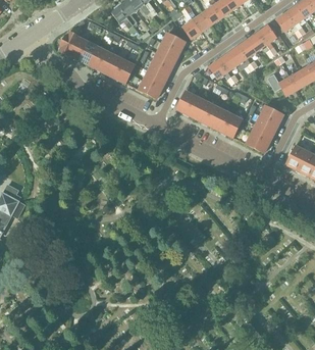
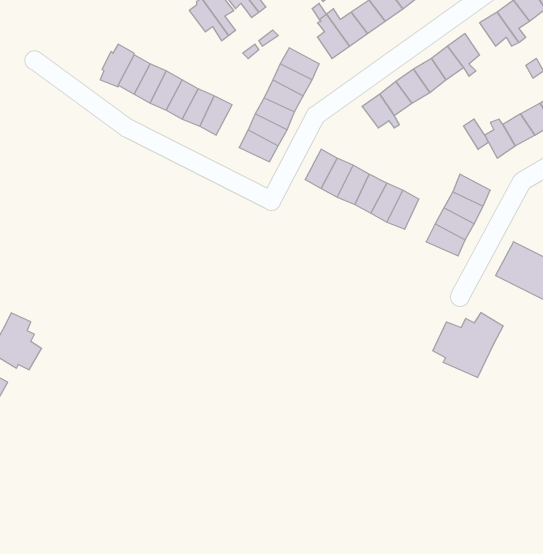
building: none -> [433,313,503,378]

